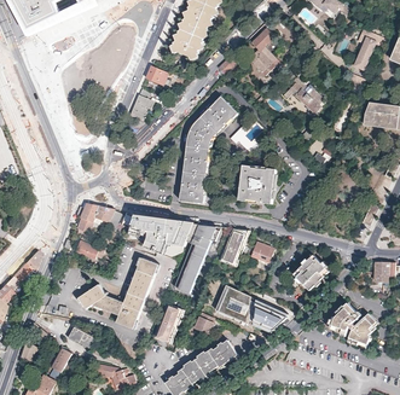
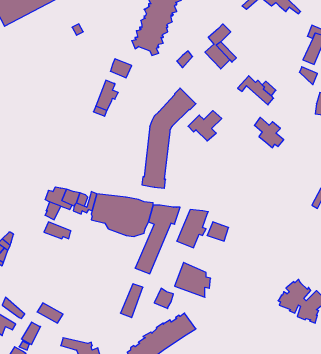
building: [238,165,276,205] -> none
building: [292,254,327,289] -> none
building: [76,257,157,329] -> none
building: [251,298,285,331] -> none

